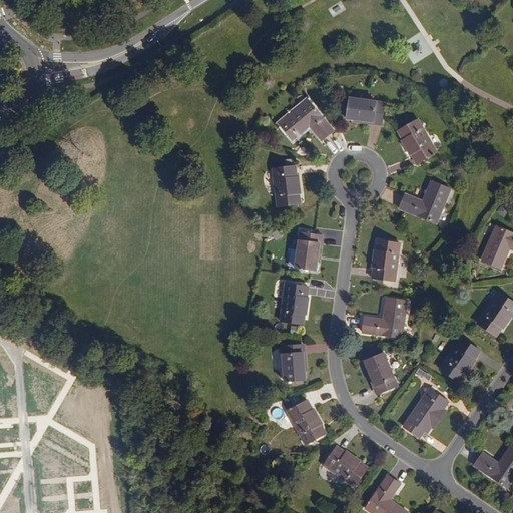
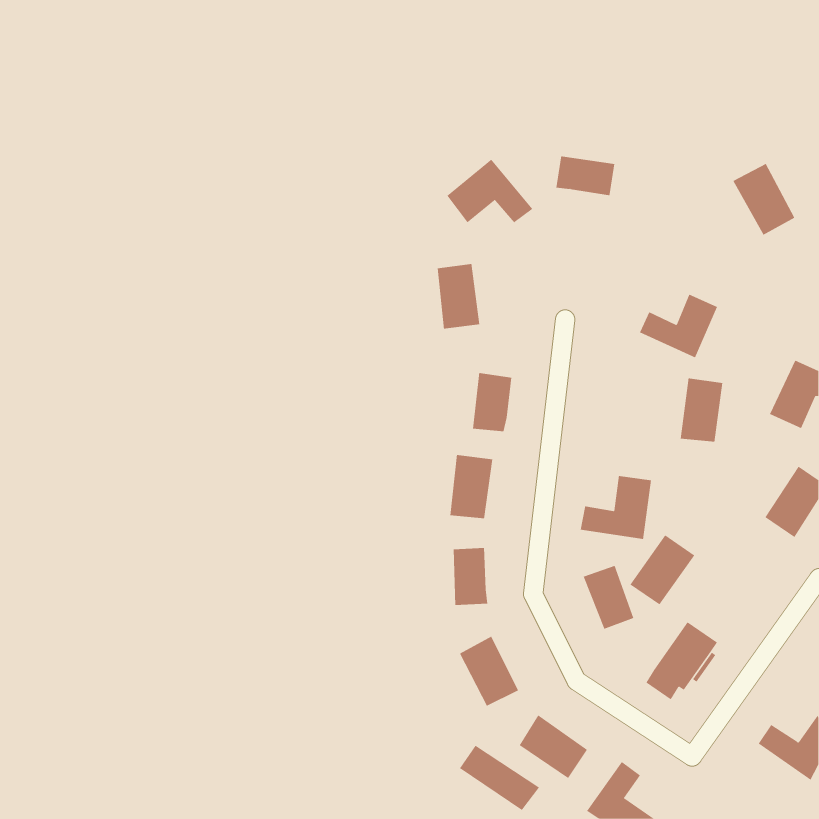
building: [398,119,437,164] -> [733,163,795,236]
building: [372,240,399,281] -> [680,378,723,442]
building: [440,336,481,380] -> [629,535,695,605]
building: none -> [459,745,540,811]

